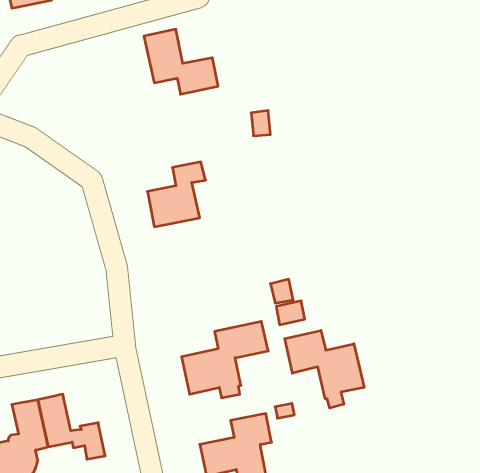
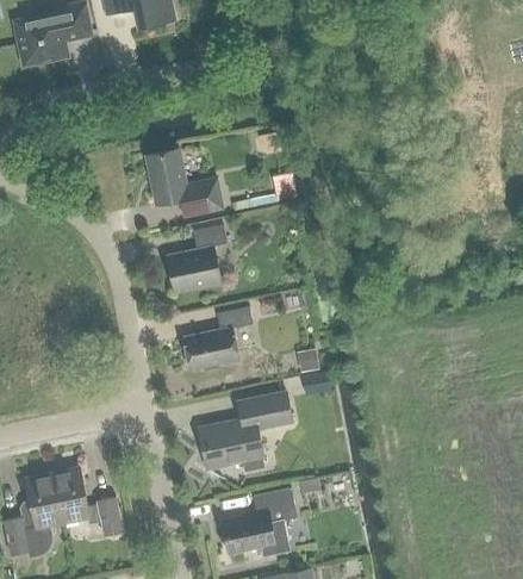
building: [144,29,218,94] -> [145,149,223,217]
building: none -> [183,307,253,371]
building: [285,330,364,408] -> none

